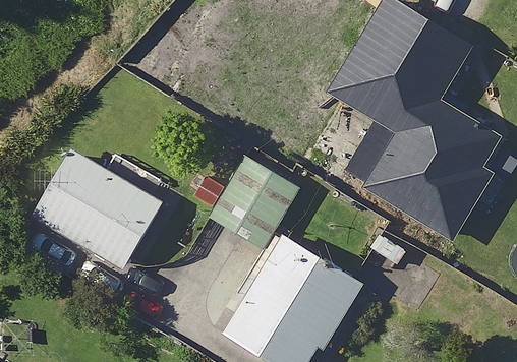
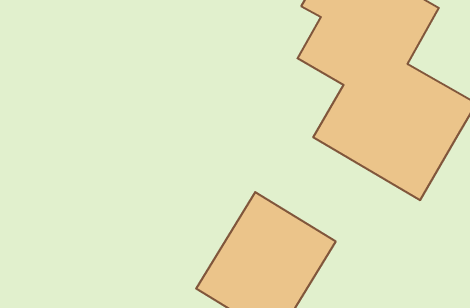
building: [191,145,302,251] -> none
building: [34,150,166,273] -> none

